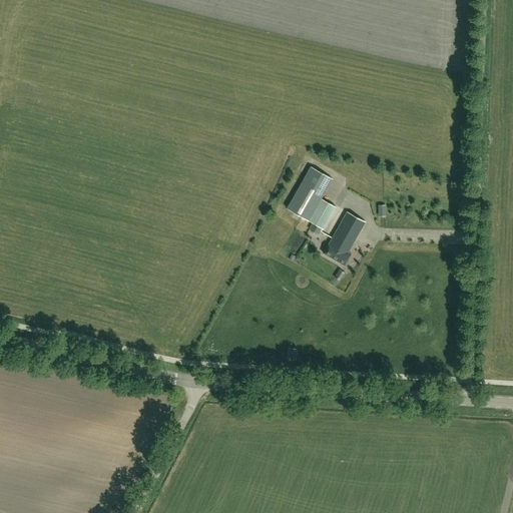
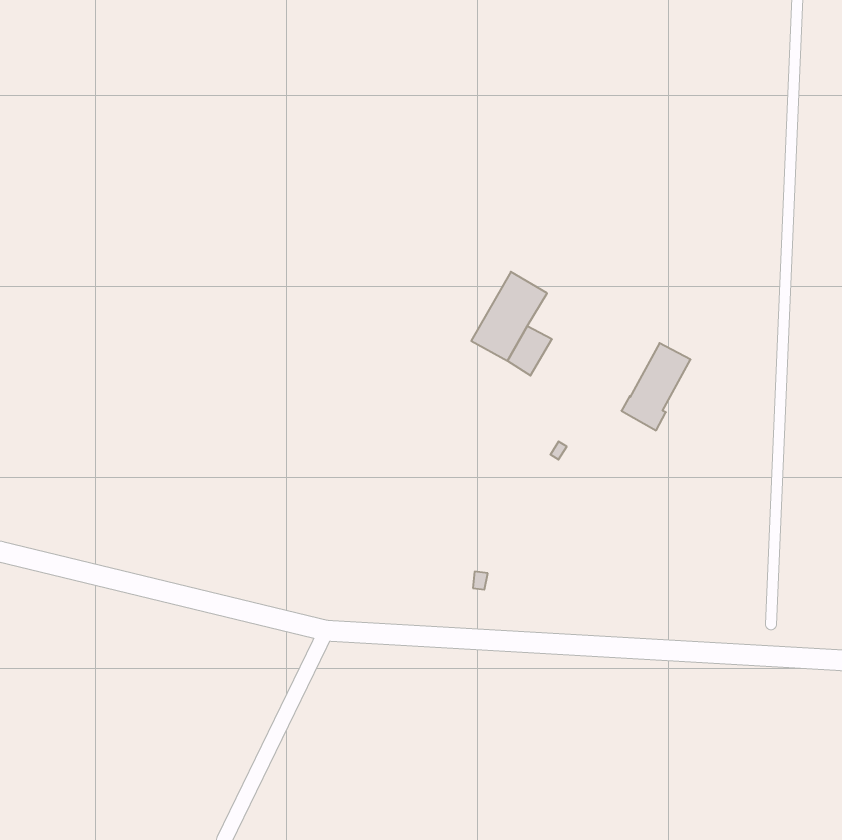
building: [323,211,365,265] -> [621,343,691,430]

